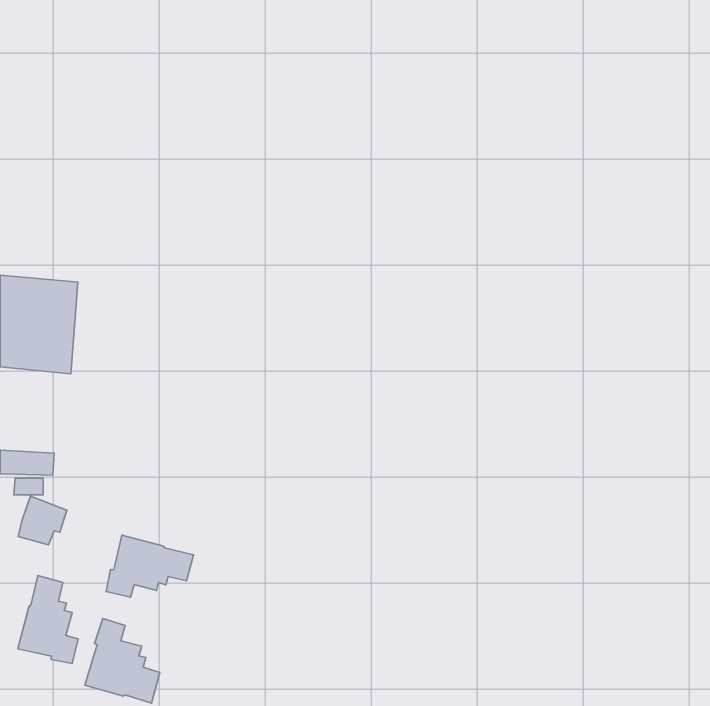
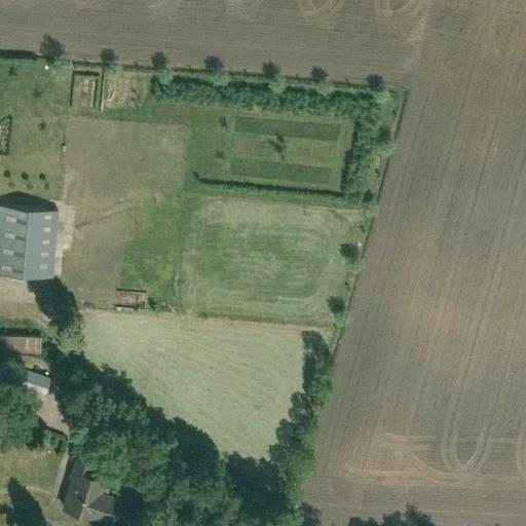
building: [106,535,194,597] -> none
building: [18,576,78,664] -> none

